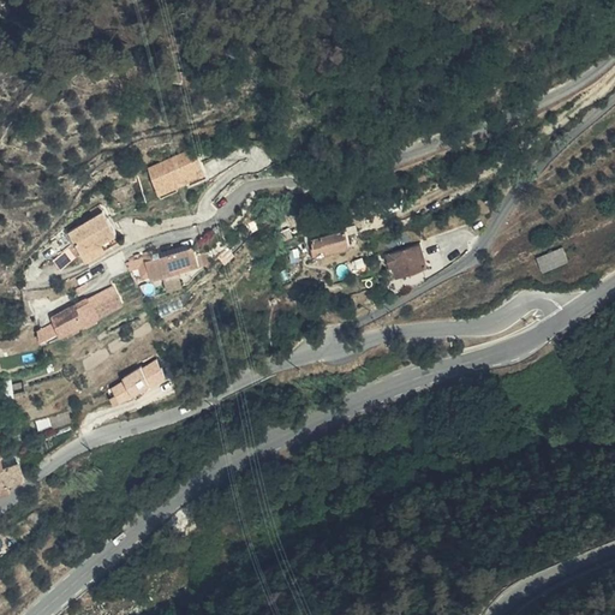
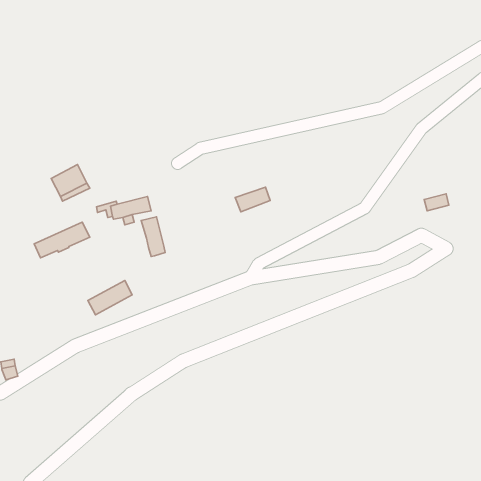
building: [151,150,210,195] -> none
building: [380,246,420,280] -> none
building: none -> [141,217,165,257]

